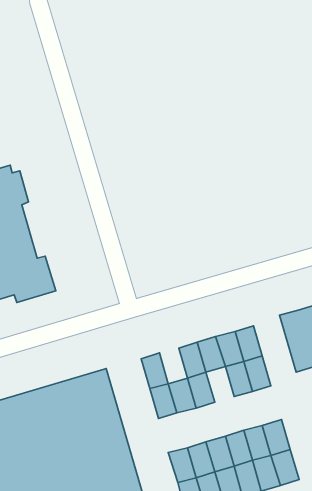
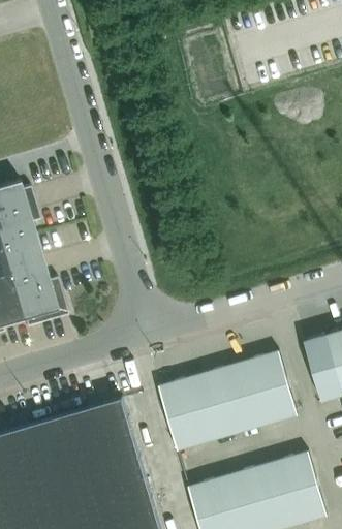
building: none -> [178,375,208,413]
building: none -> [227,395,257,433]

